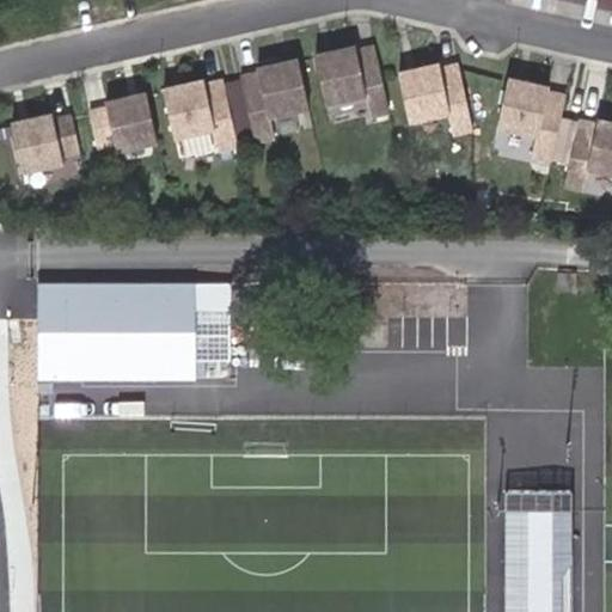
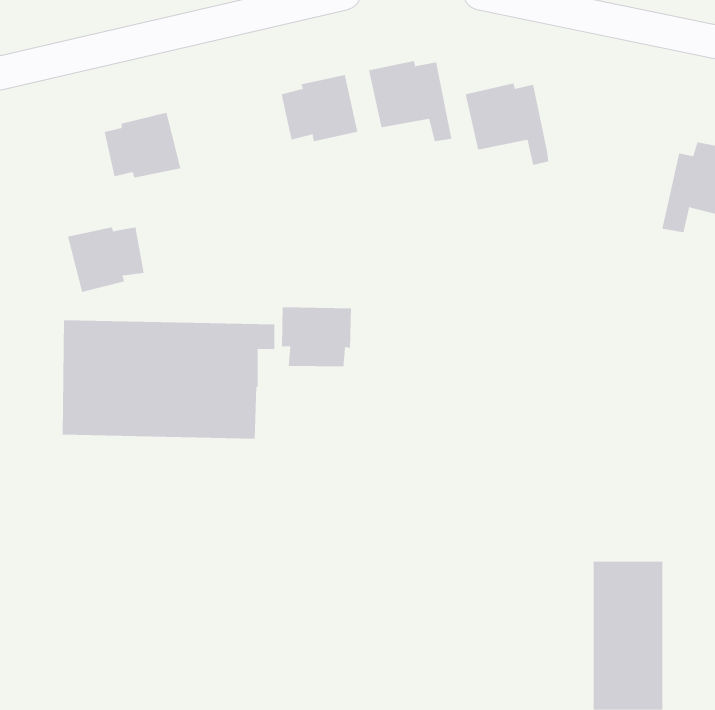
building: [163,84,237,153] -> none
building: [496,84,562,169] -> none
building: [13,117,79,173] -> [67,227,145,293]
building: none -> [281,306,351,367]

